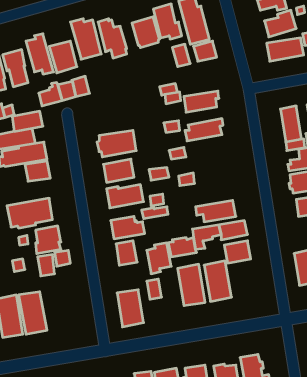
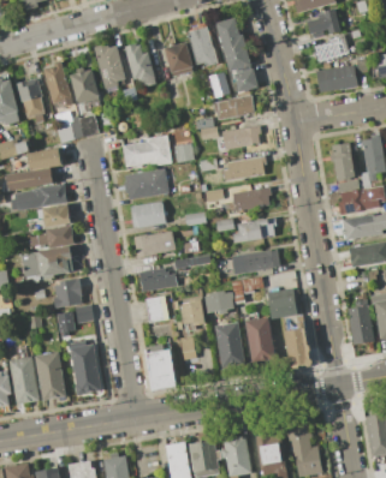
building: none -> [212,95,254,120]
building: none -> [121,131,194,168]
building: none -> [232,186,272,210]
building: none -> [232,217,275,243]
building: none -> [29,225,73,247]
building: none -> [284,328,309,366]
building: none -> [70,341,101,395]

